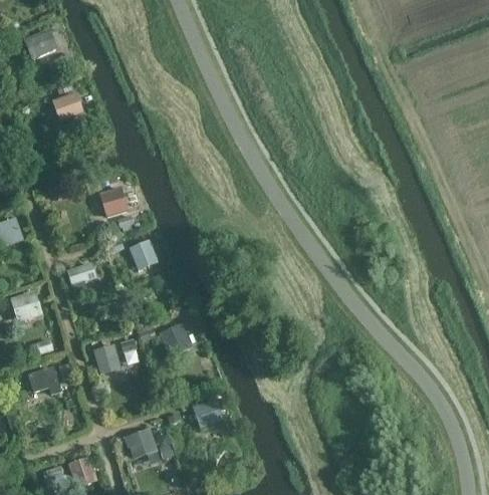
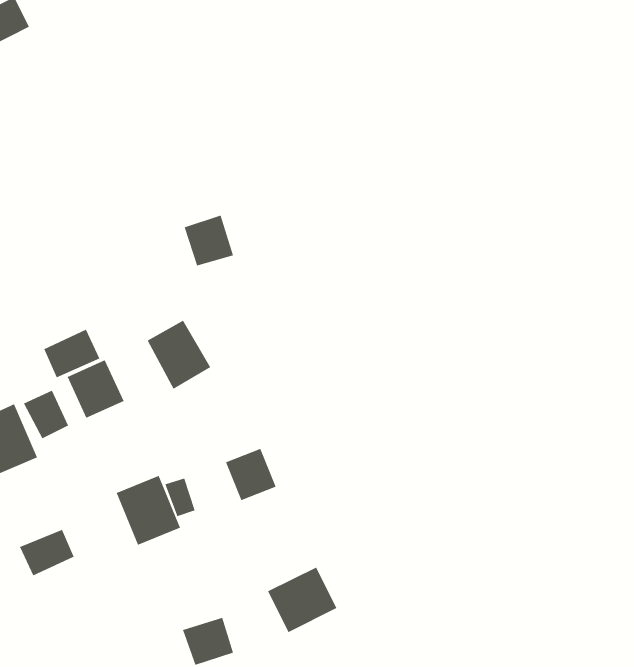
building: [46,84,84,123] -> none
building: [101,185,132,216] -> [184,215,234,266]
building: none -> [43,329,100,378]
building: none -> [23,390,69,439]

